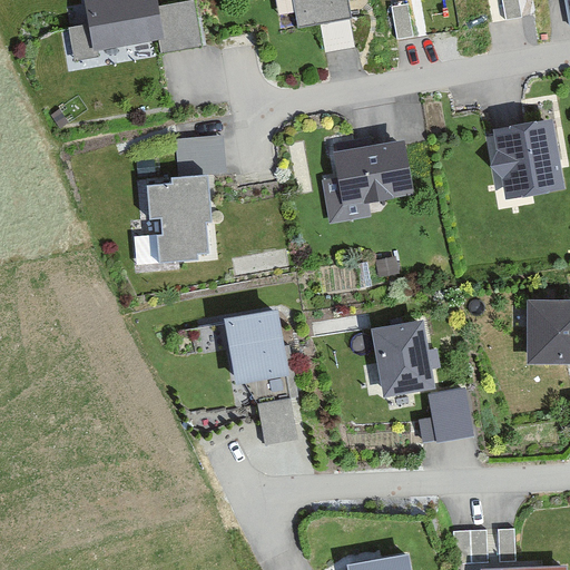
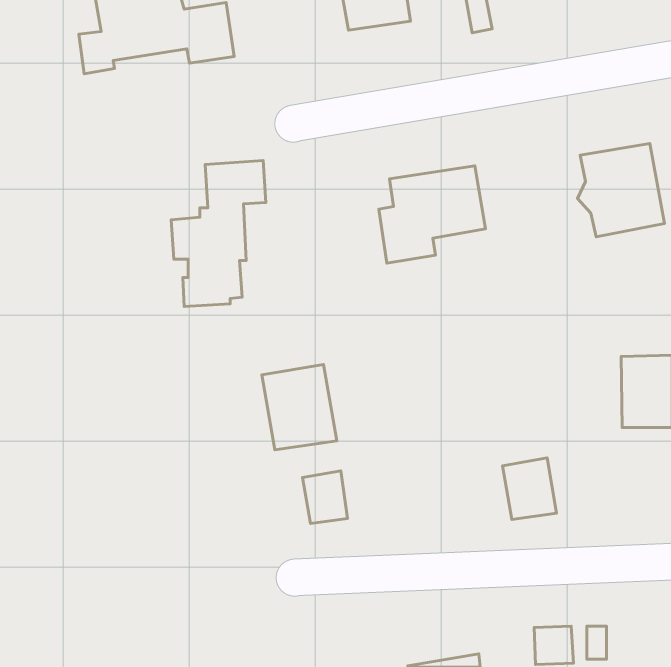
building: [372,320,433,394] -> none

